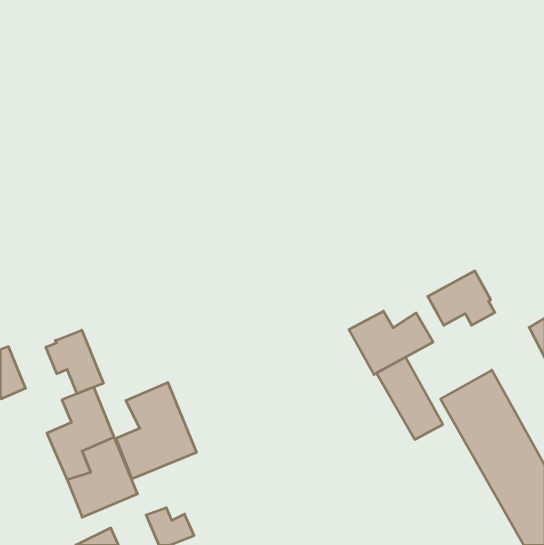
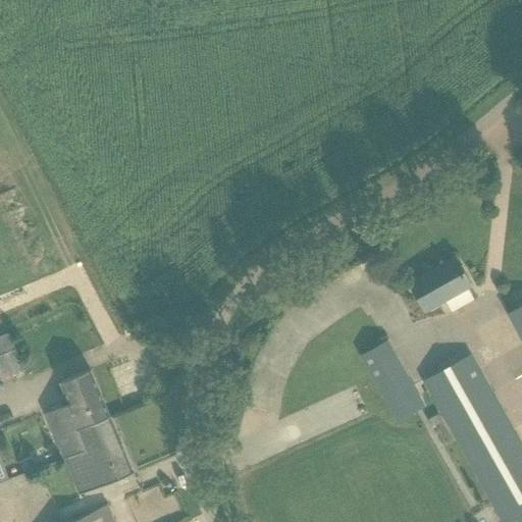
building: [349,311,433,375] -> none
building: [46,330,103,394] -> none
building: [116,382,196,479] -> none

